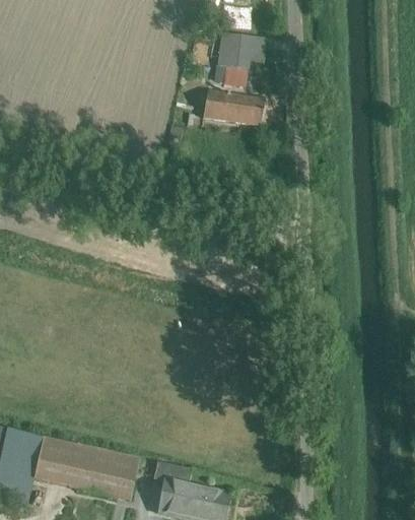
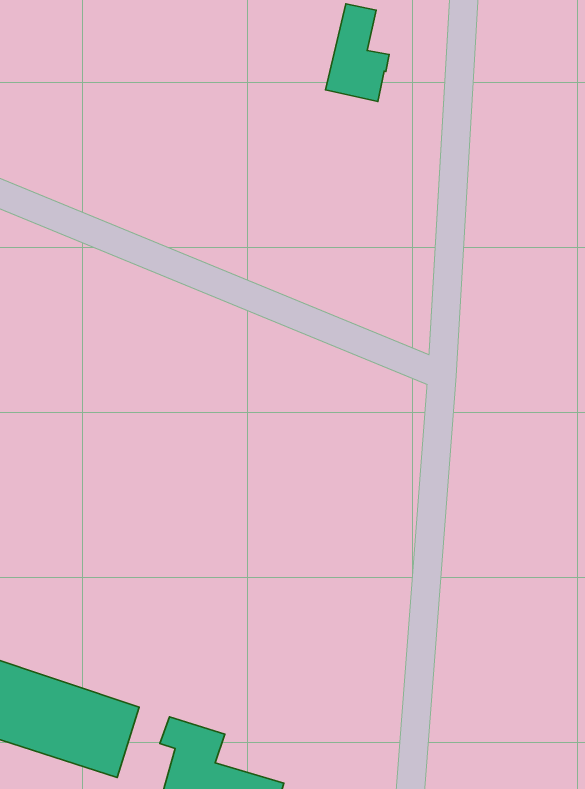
building: [237,35,266,61] -> none
building: [203,89,276,127] -> none

